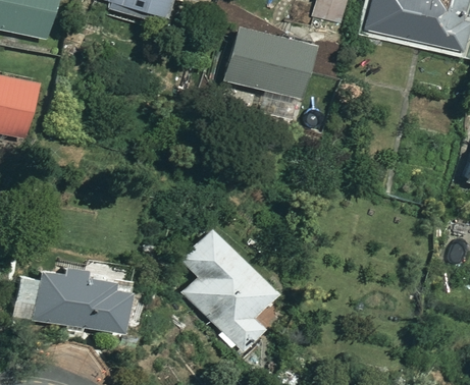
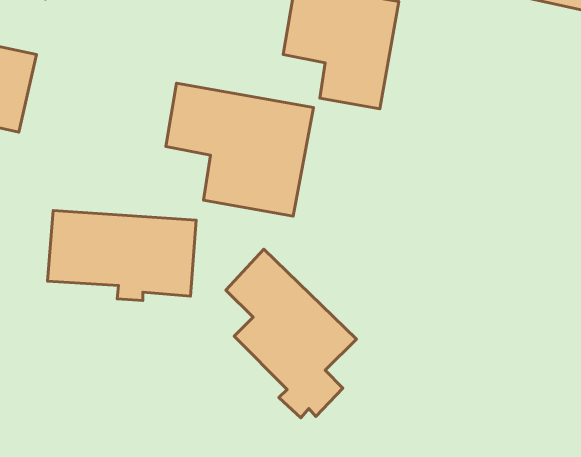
building: none -> [166,83,313,216]
building: [17,268,128,335] -> [48,211,196,300]

